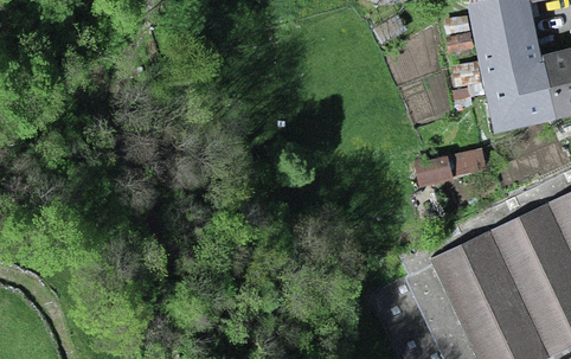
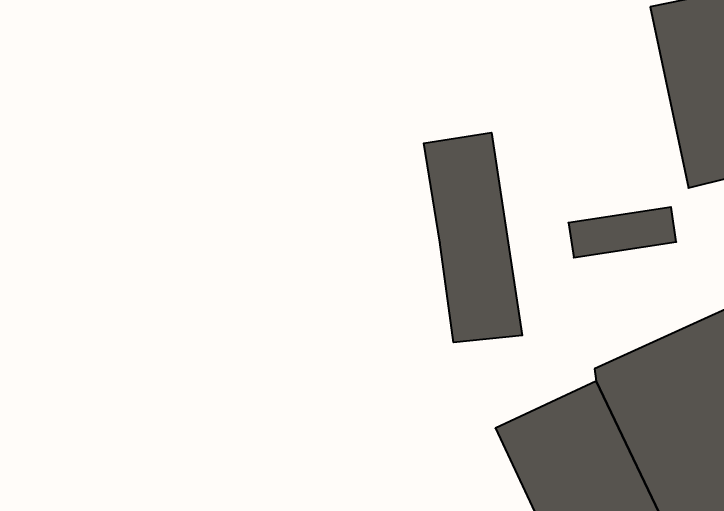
building: none -> [424,133,522,342]

